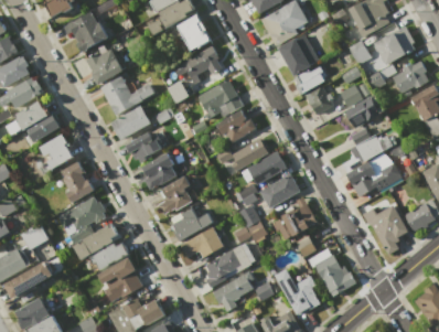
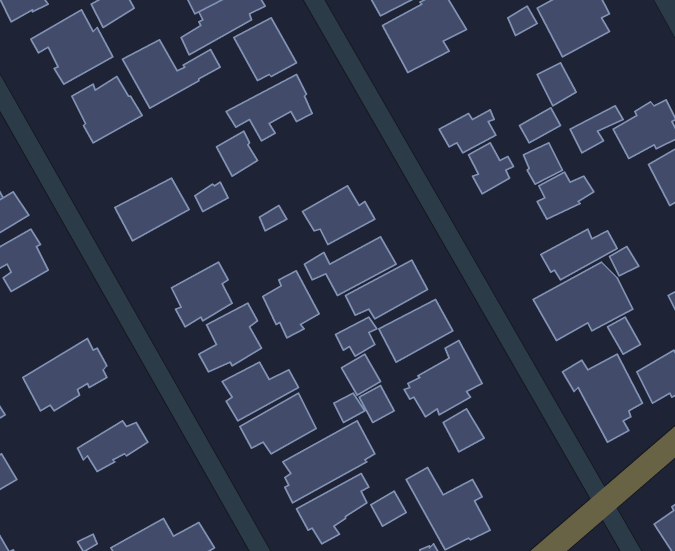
building: [374,25,415,64] -> none
building: [277,34,318,76] -> none
building: [99,76,154,115] -> [122,40,220,108]
building: [196,78,242,117] -> none
building: [125,131,161,162] -> none
building: none -> [263,271,319,338]
building: [61,160,95,203] -> none
building: [71,223,118,260] -> none
building: [313,254,356,296] -> none
building: [97,257,141,303] -> none

